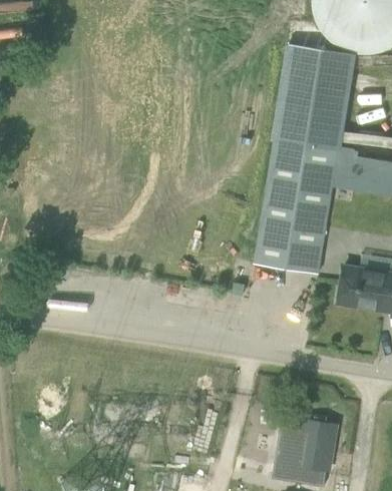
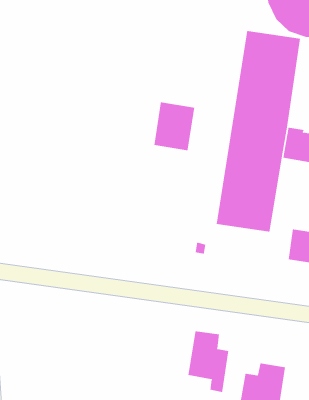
building: none -> [154,101,195,151]
building: none -> [188,330,229,393]

